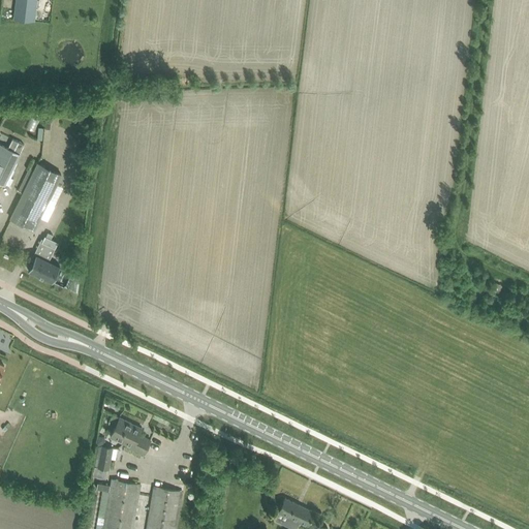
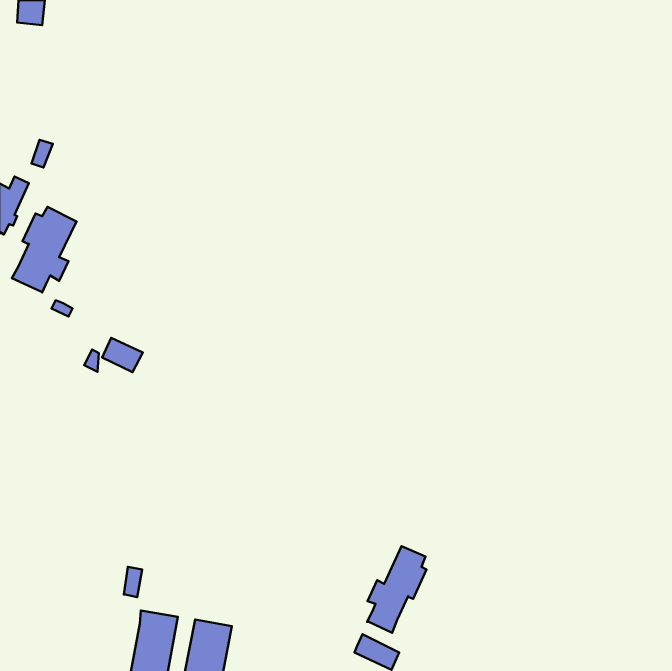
building: [27,256,59,283] -> [102,338,143,372]
building: [110,418,150,455] -> none
building: none -> [367,546,427,633]

